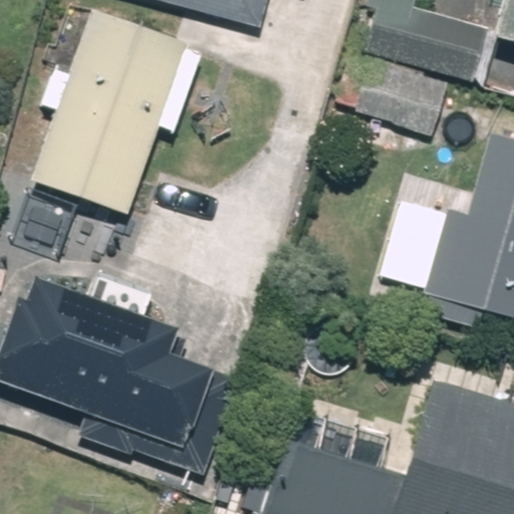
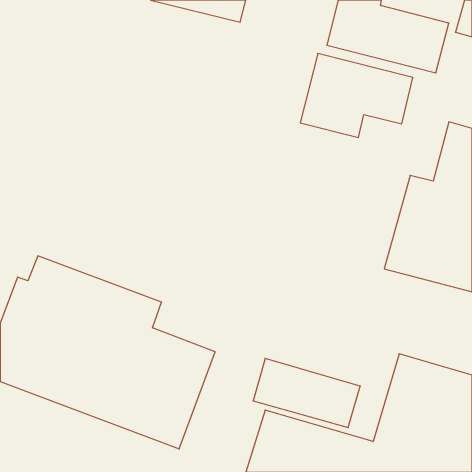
building: [35,7,206,212] -> none

